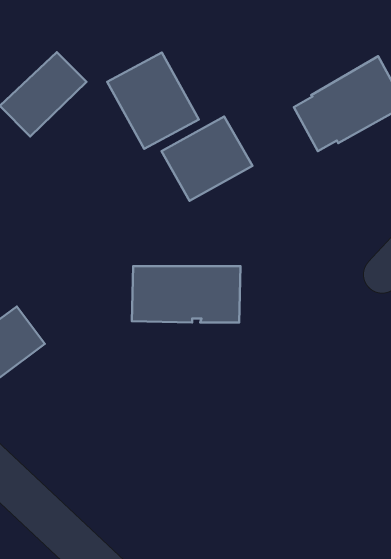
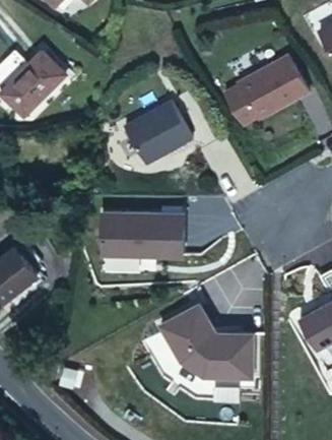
building: [107,52,199,149] -> none
building: none -> [160,304,253,379]

